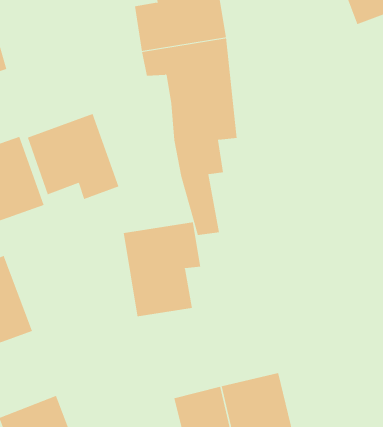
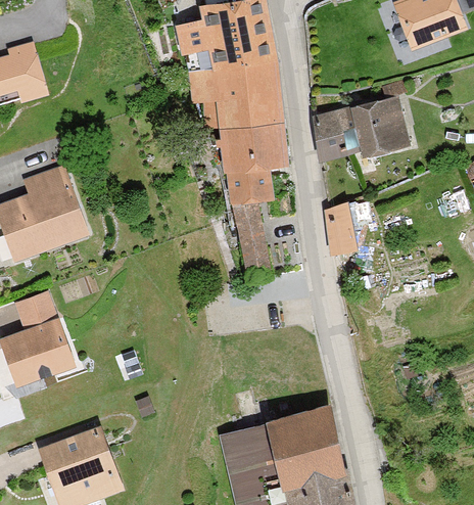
building: none -> [312,95,410,155]
building: [27,113,119,200] -> none
building: none -> [325,199,356,251]
building: [123,221,201,317] -> none

